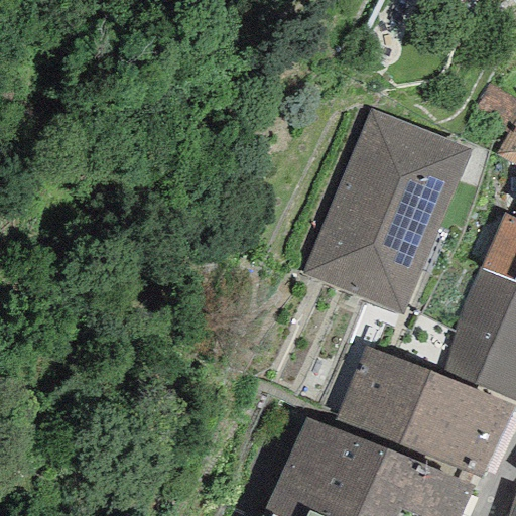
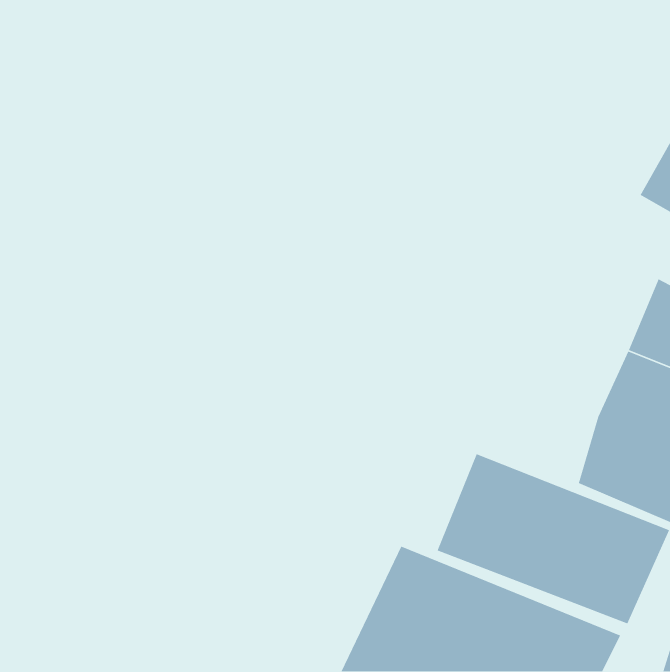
building: [304,109,473,315] -> none

